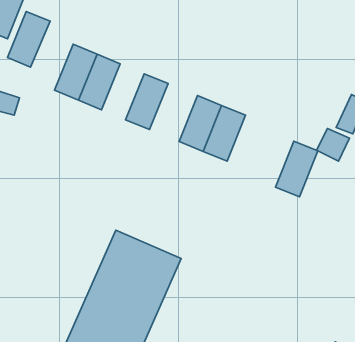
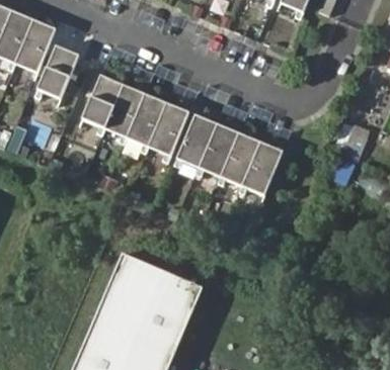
building: none -> [128,97,167,149]
building: none -> [178,117,217,169]
building: [275,141,318,197] -> [244,145,284,196]

